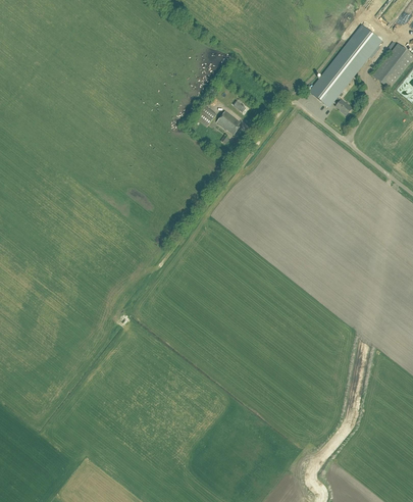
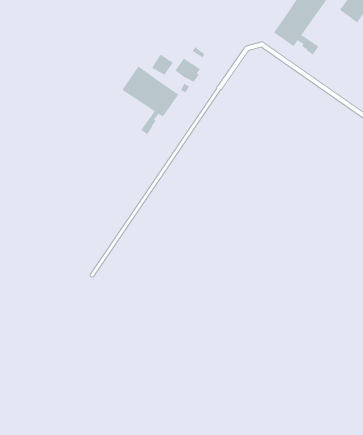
building: none -> [121,66,179,135]

